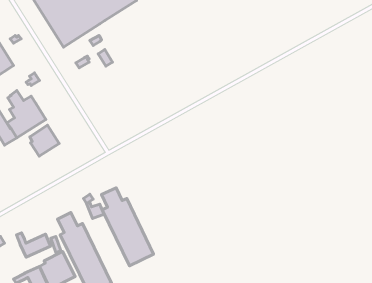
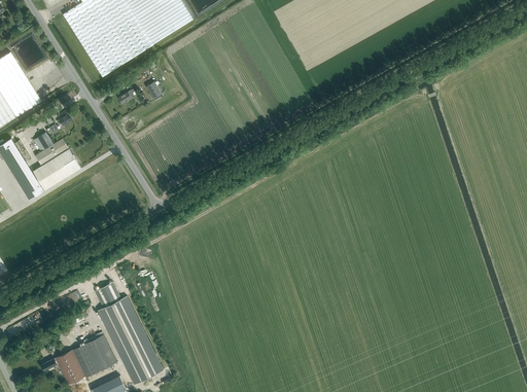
building: [30,125,59,156] -> none
building: [102,188,153,266] -> none
building: [16,233,50,257] -> none

